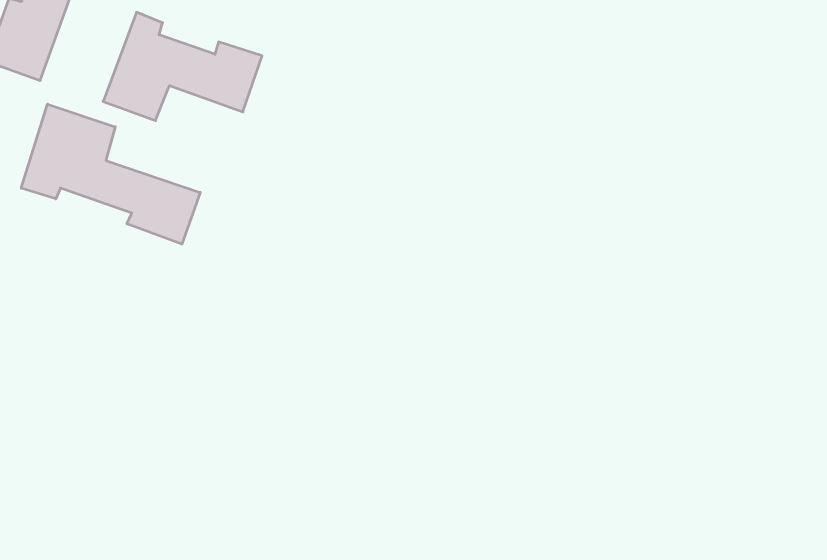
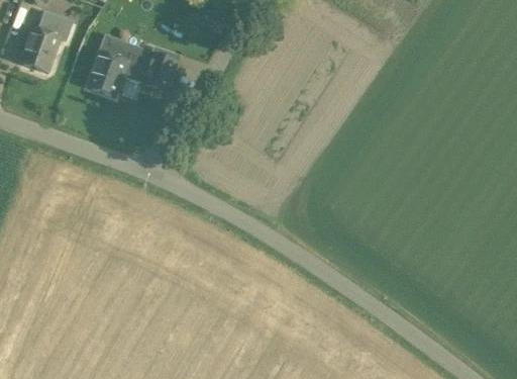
building: [21,104,200,244] -> none

